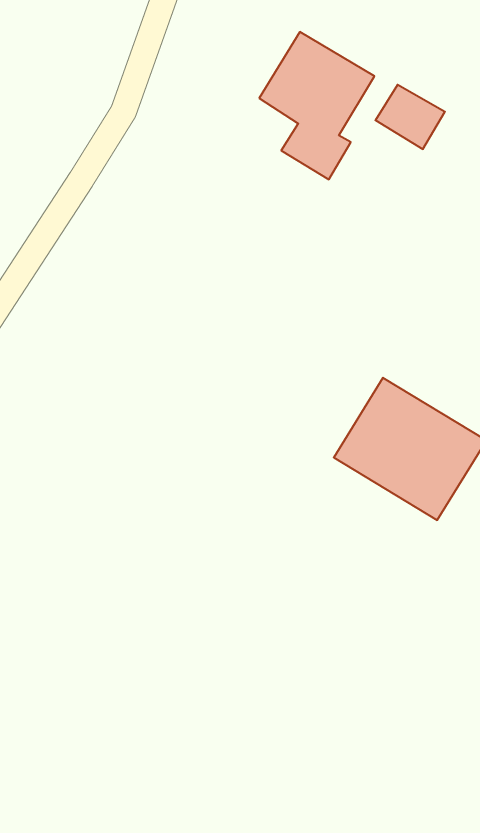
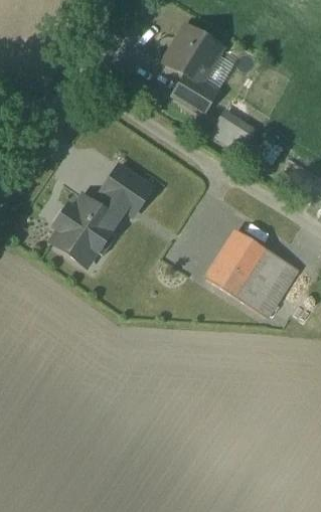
building: [375,85,445,149] -> [210,112,252,150]
building: none -> [51,173,146,264]

